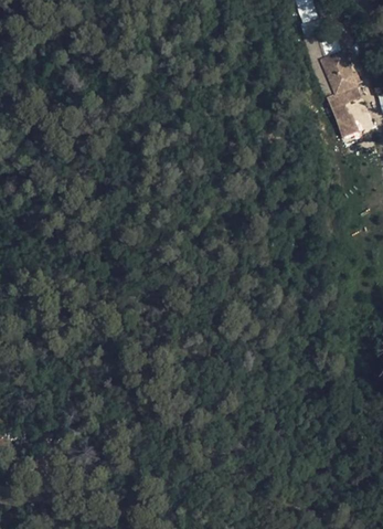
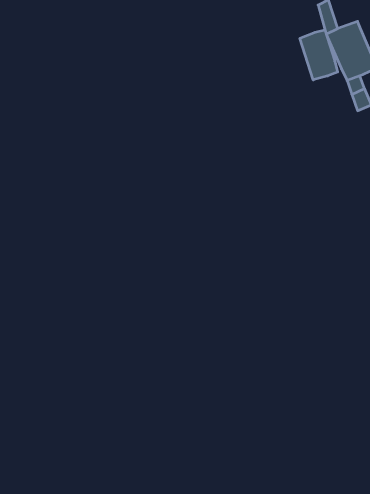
building: none -> [300,30,338,80]

